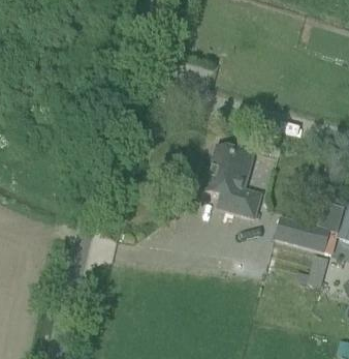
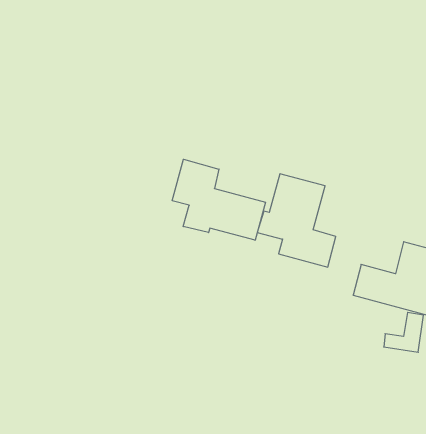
building: none -> [172,159,266,240]

